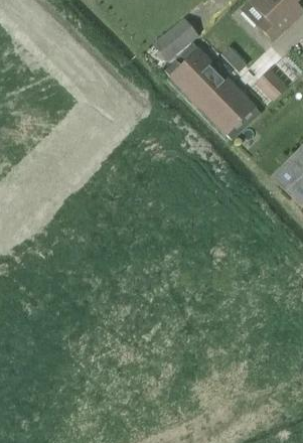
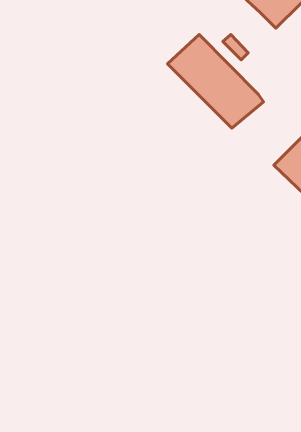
building: [151,17,197,61] -> none
building: [254,67,288,102] -> none

